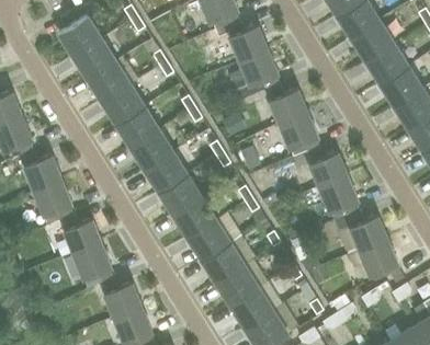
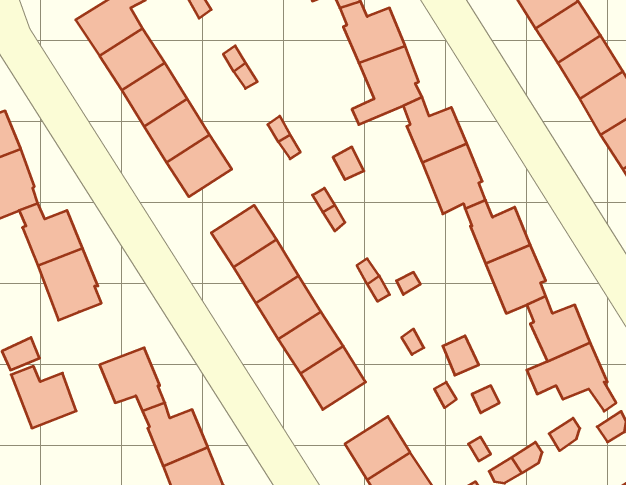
building: [129,128,171,169] -> none
building: [59,214,101,253] -> [11,366,76,428]
building: [215,264,257,303] -> none

